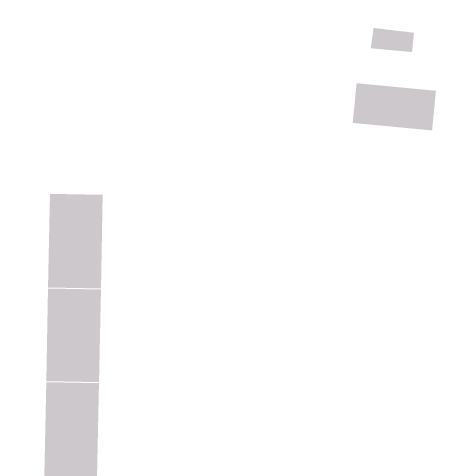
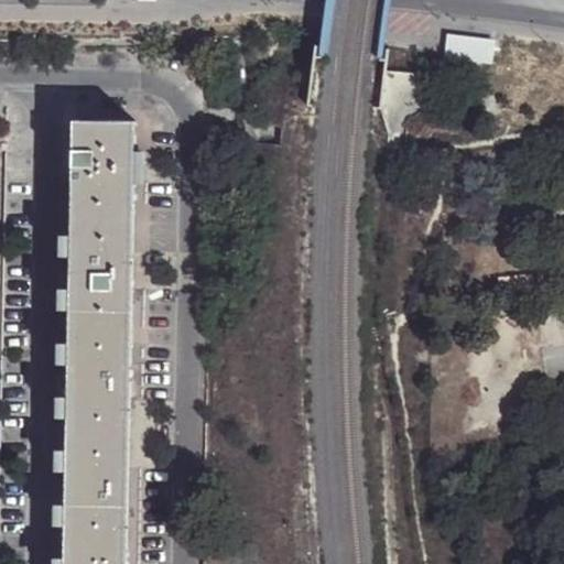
building: [352,83,436,131] -> none
building: none -> [68,123,133,234]

